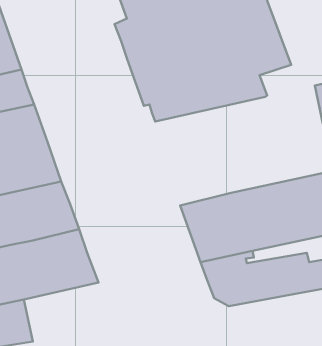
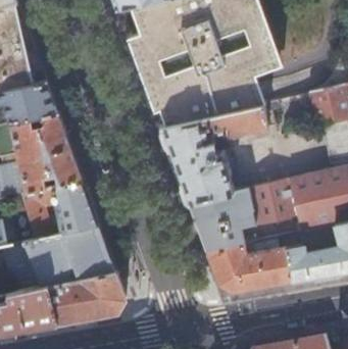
building: none -> [160,103,277,201]
building: none -> [46,270,123,323]

